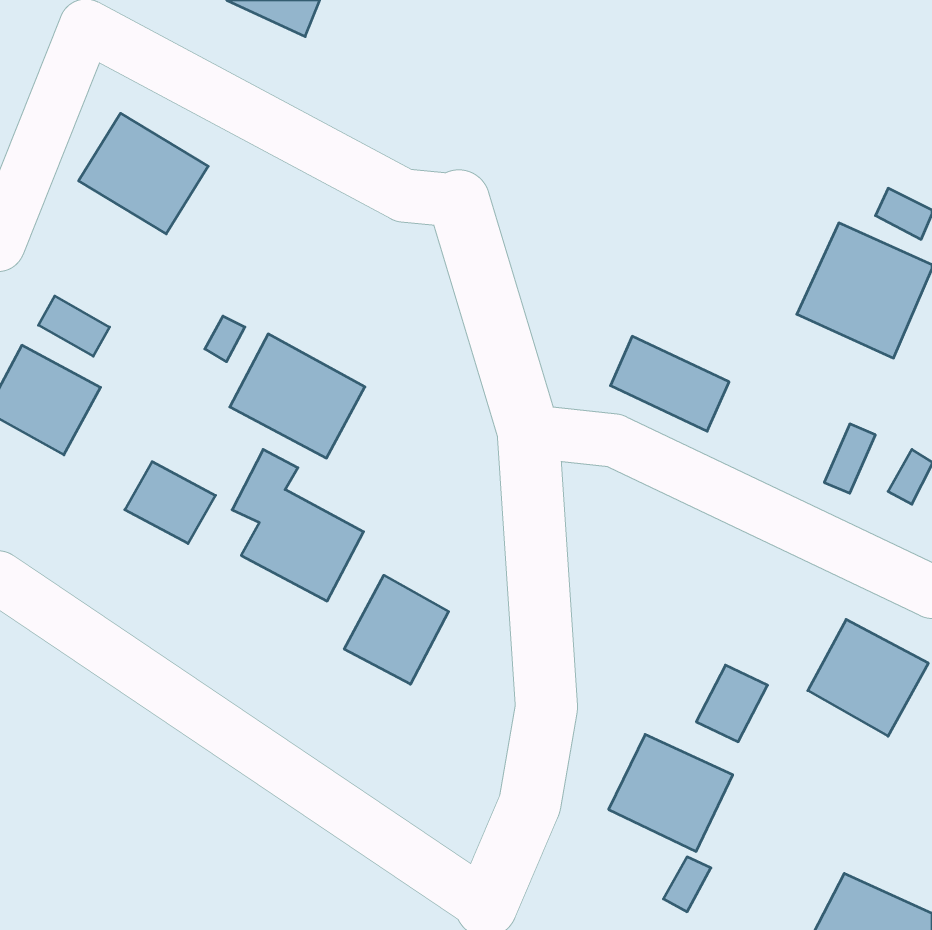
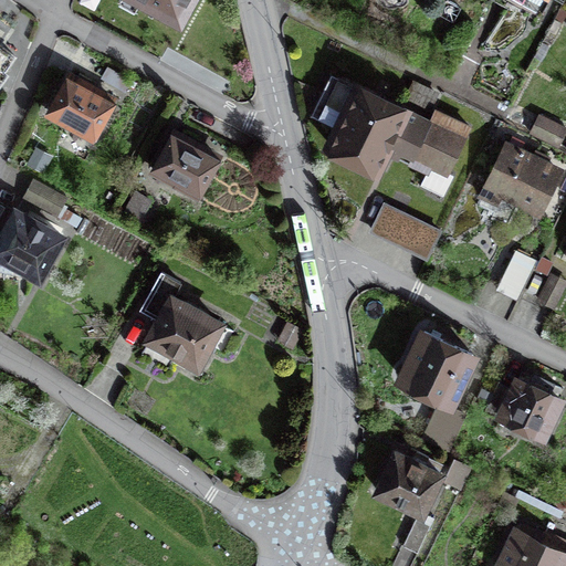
building: none -> [312,74,469,178]
building: [230,334,365,458] -> [149,120,231,196]
building: [125,462,216,544] -> none
building: none -> [399,332,470,399]
building: [344,575,449,684] -> none

